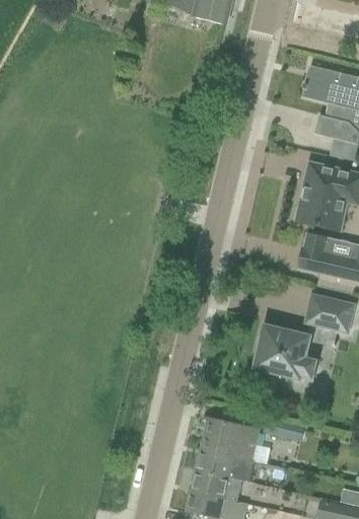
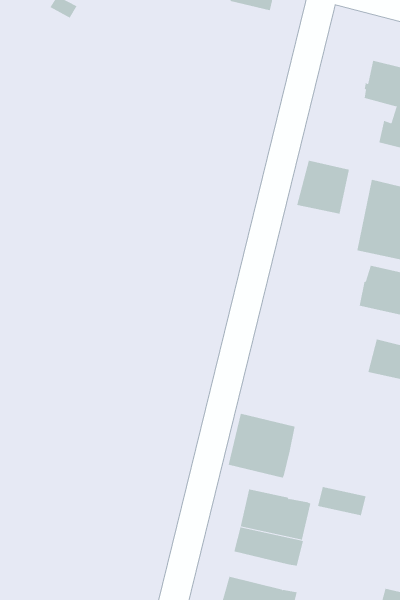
building: none -> [297,160,350,215]
building: [255,325,310,379] -> [228,413,296,478]
building: [192,470,241,502] -> none

